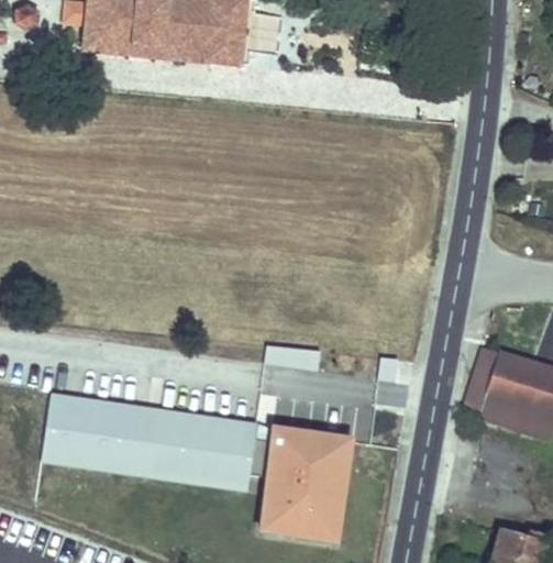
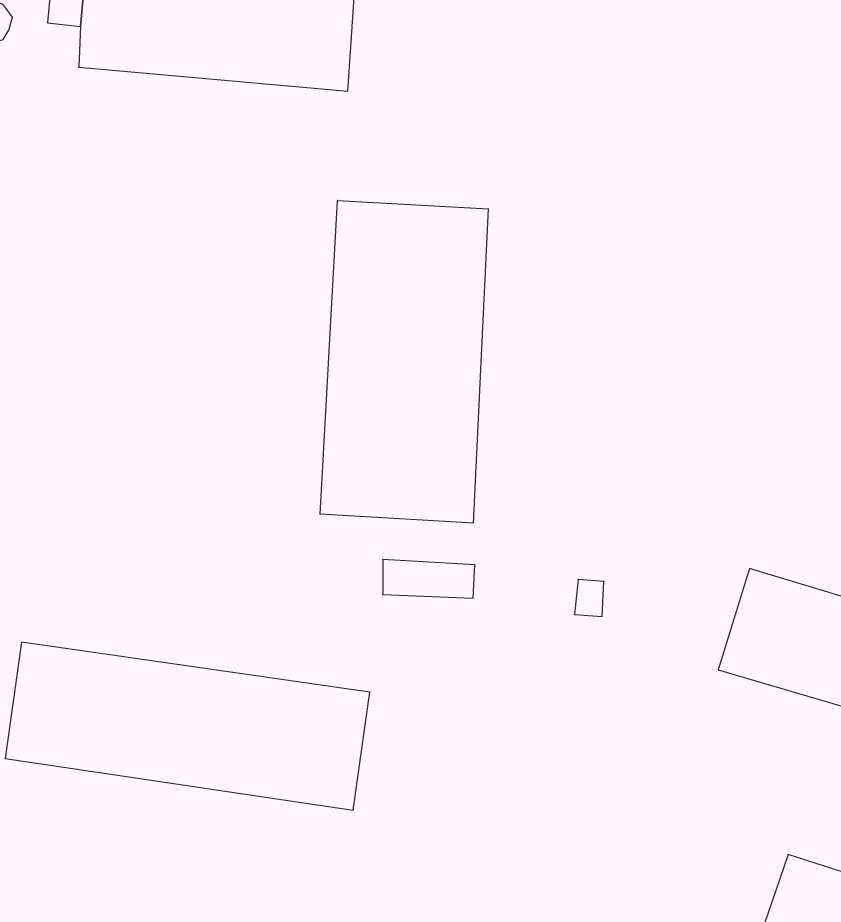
building: none -> [320,200,488,523]
building: [258,429,355,543] -> none

